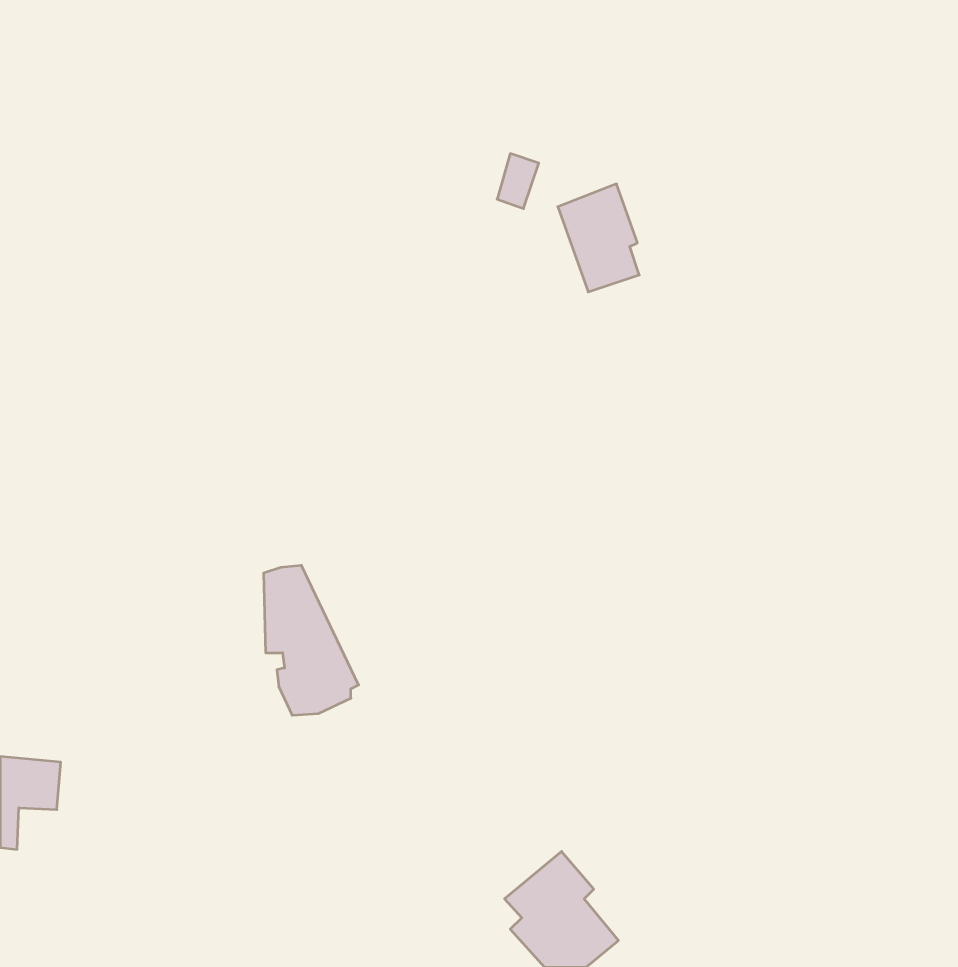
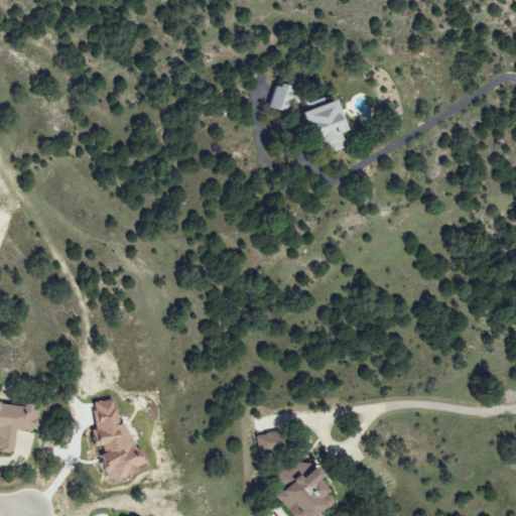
building: [264,565,359,715] -> [94,399,144,479]
building: none -> [259,430,283,452]

